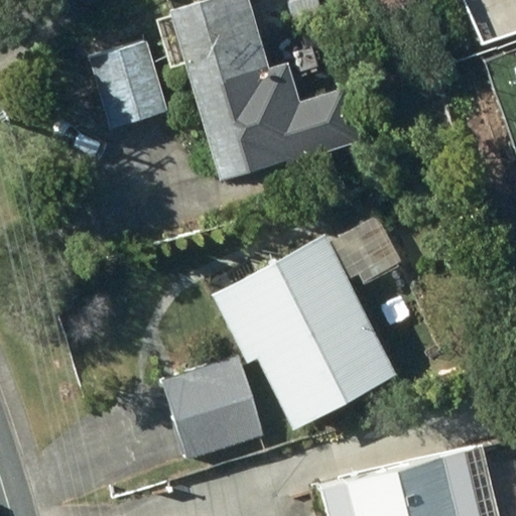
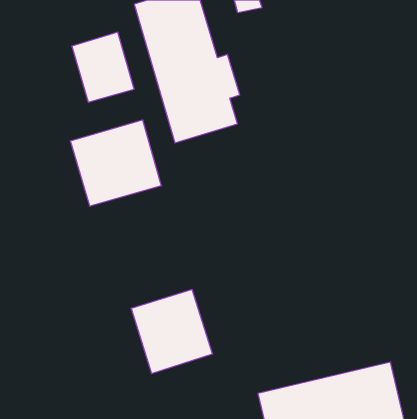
building: none -> [71,120,161,206]
building: [211,235,394,425] -> none

